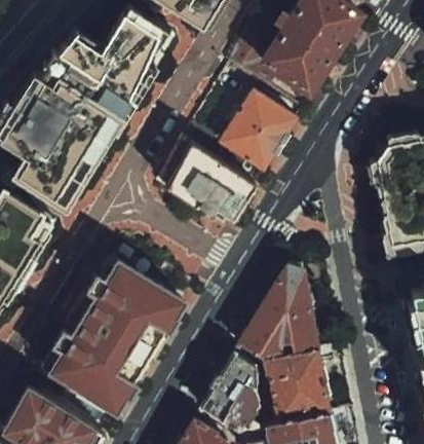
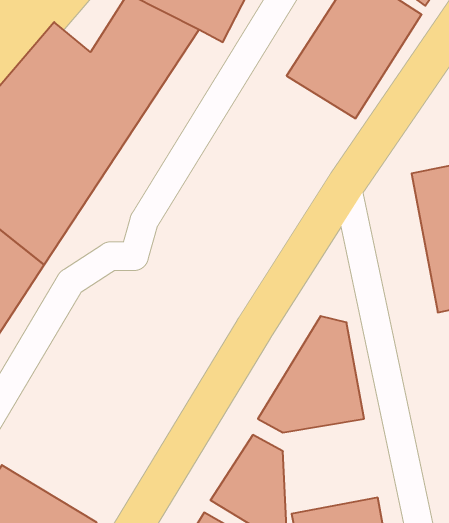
building: [216,89,300,175] -> none
building: [155,145,255,222] -> none
building: [38,250,181,409] -> none
building: [270,348,338,420] -> none

